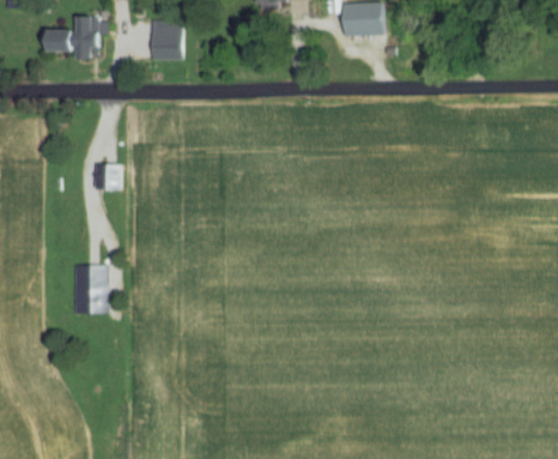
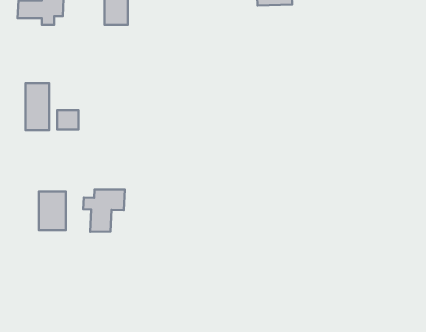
building: none -> [25,83,49,130]
building: none -> [83,190,125,232]

